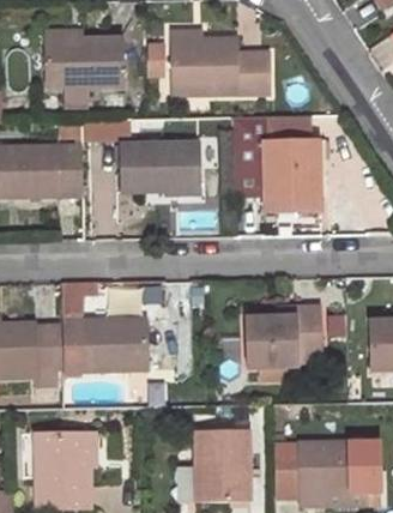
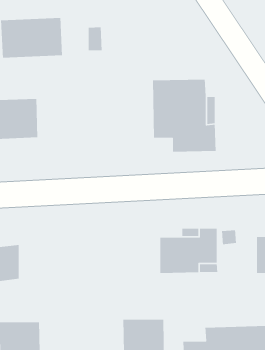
building: [173,36,270,93] -> none
building: [116,141,195,189] -> none
building: [66,314,149,370] -> none

